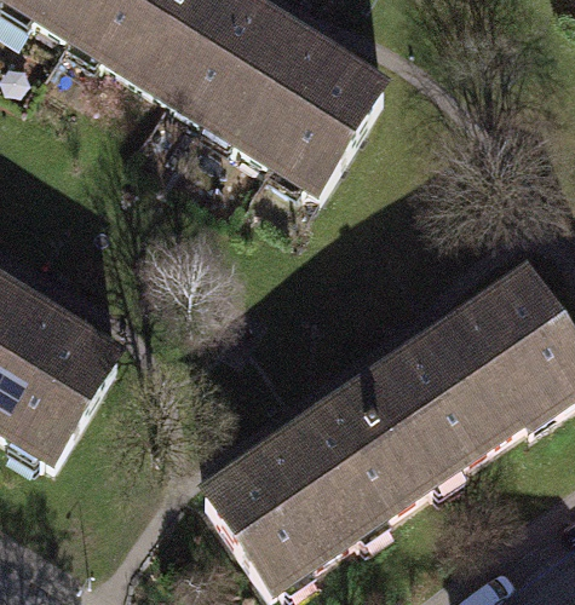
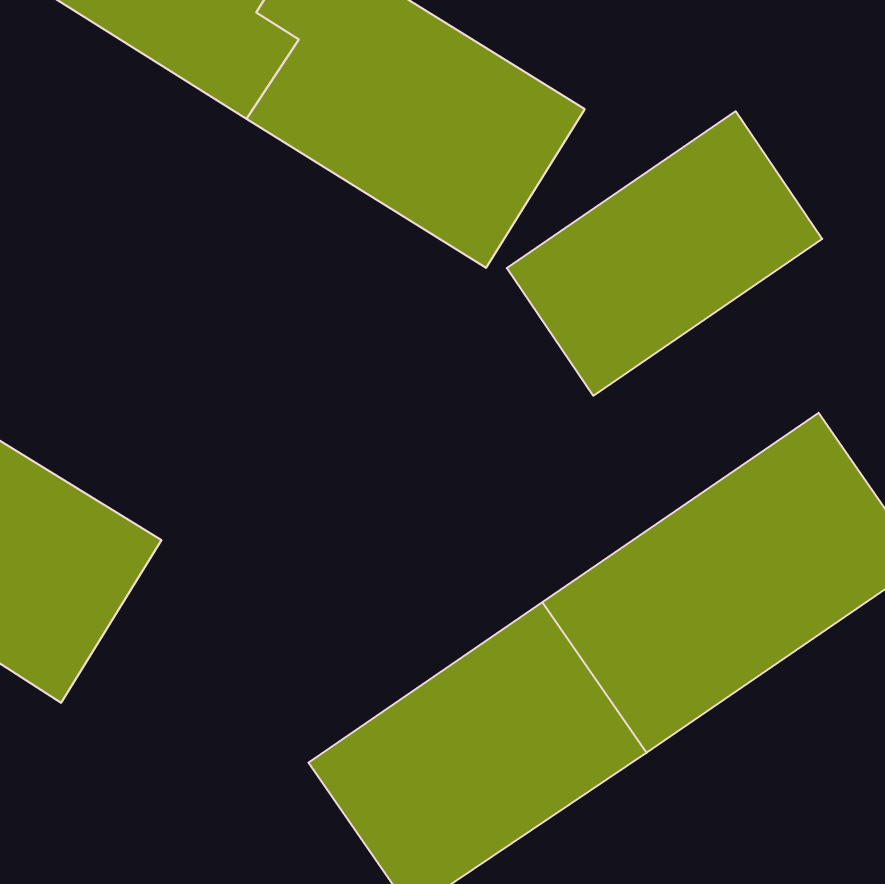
building: none -> [507,111,822,396]

